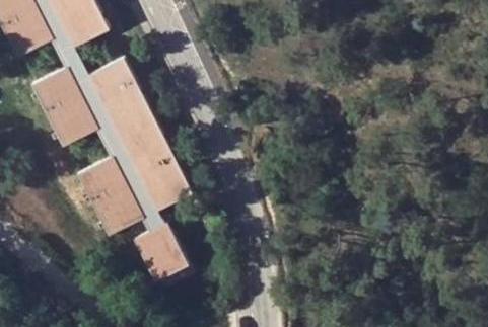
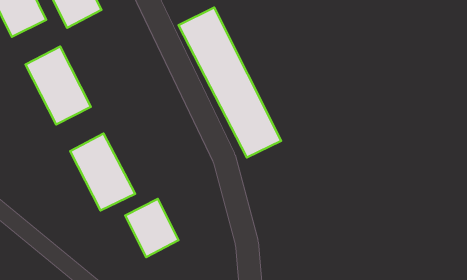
building: [86,57,192,211] -> [179,7,281,158]

